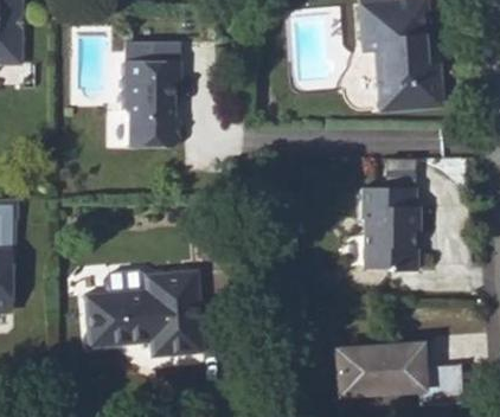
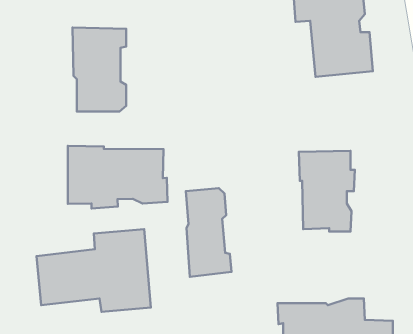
building: none -> [68,146,167,208]
building: none -> [186,188,231,277]

